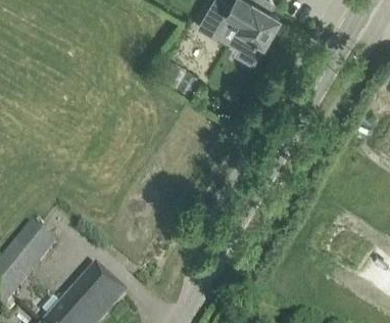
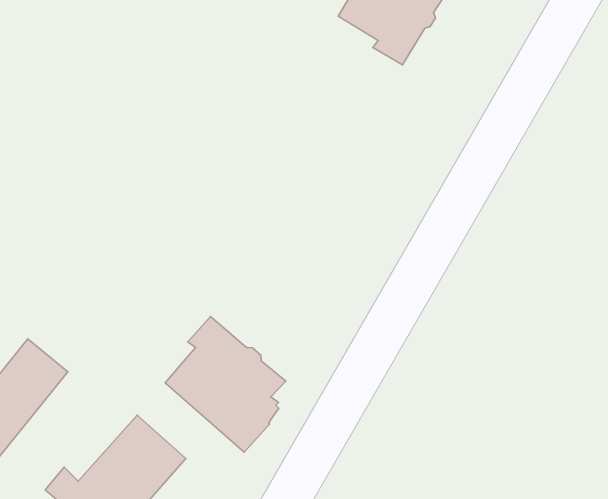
building: none -> [165,317,286,452]

